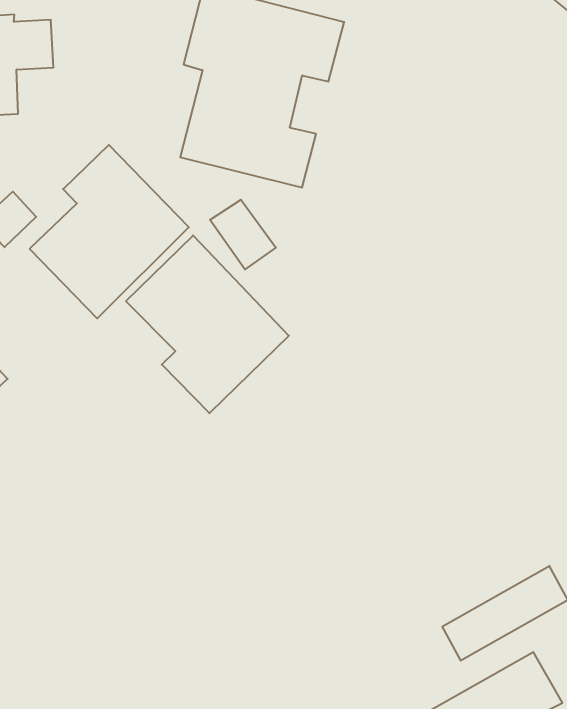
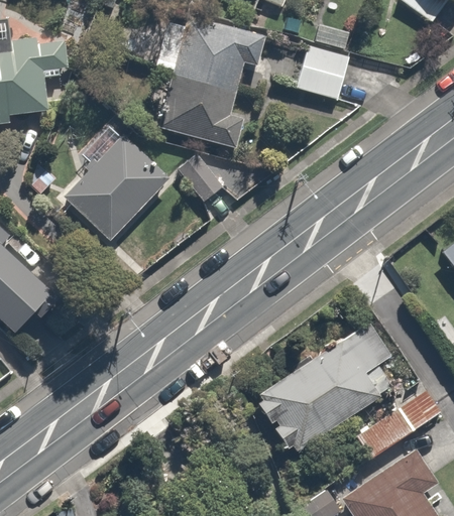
building: none -> [297,45,350,99]
building: [126,235,289,413] -> none
building: none -> [252,321,388,455]

